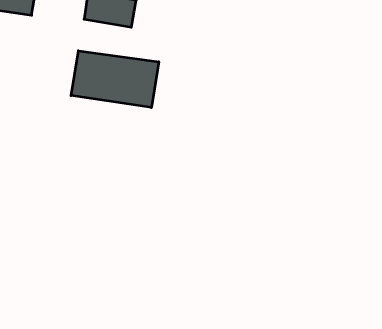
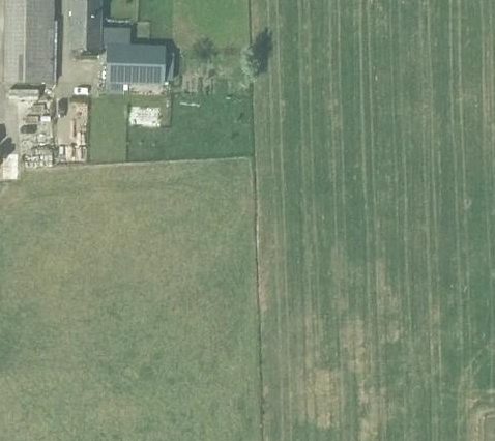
building: [71,51,159,108] -> none

